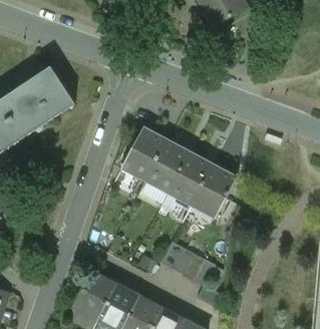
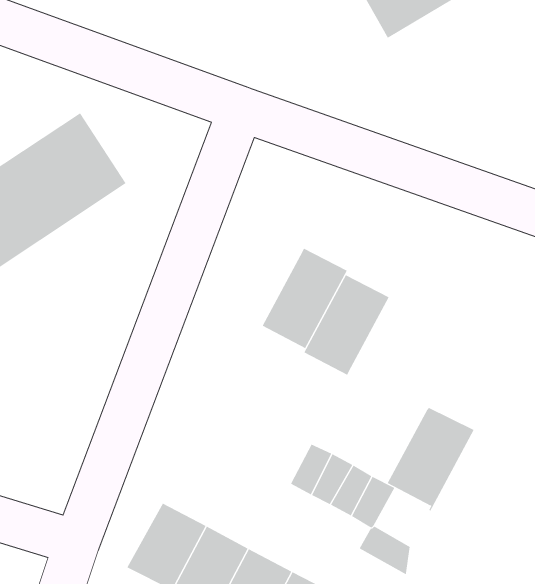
building: [119,126,166,182] -> none
building: [191,163,237,219] -> [387,407,474,512]

